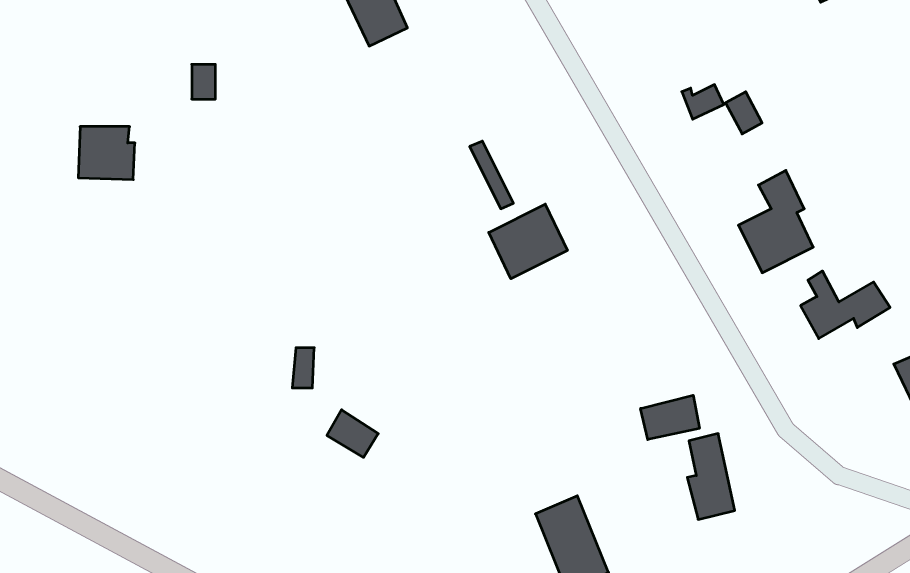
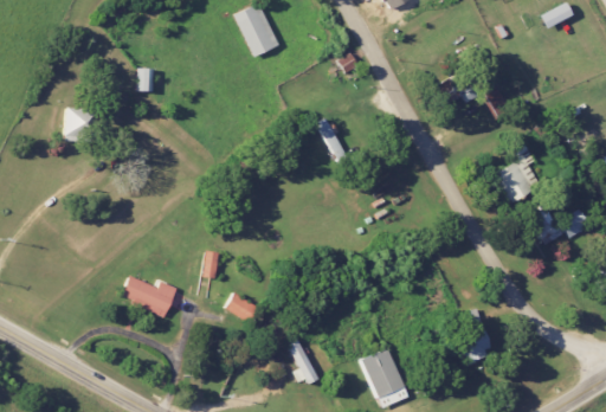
building: [489,204,567,279] -> none
building: none -> [121,276,176,316]
building: [641,395,699,440] -> none
building: none -> [288,340,317,385]

